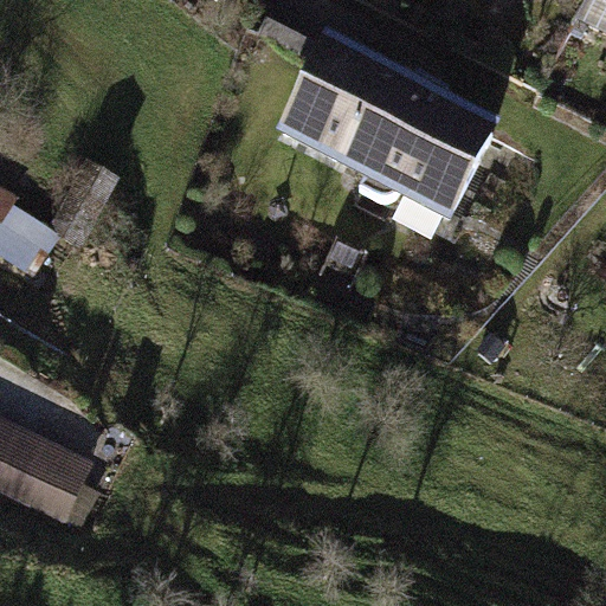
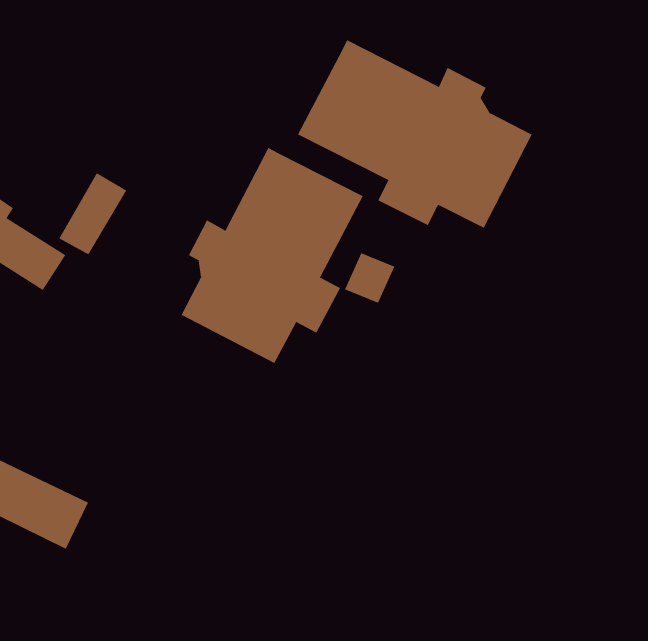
building: none -> [181,147,364,364]

